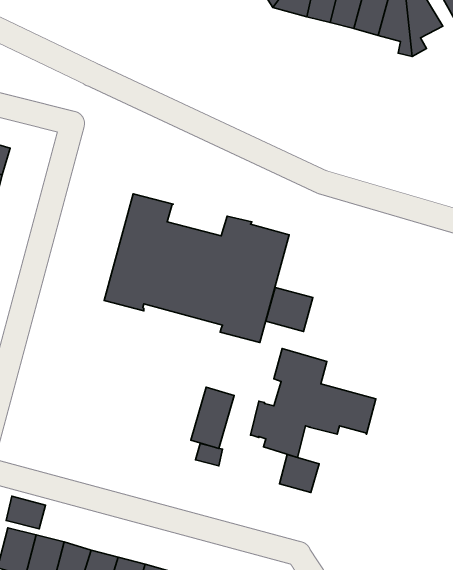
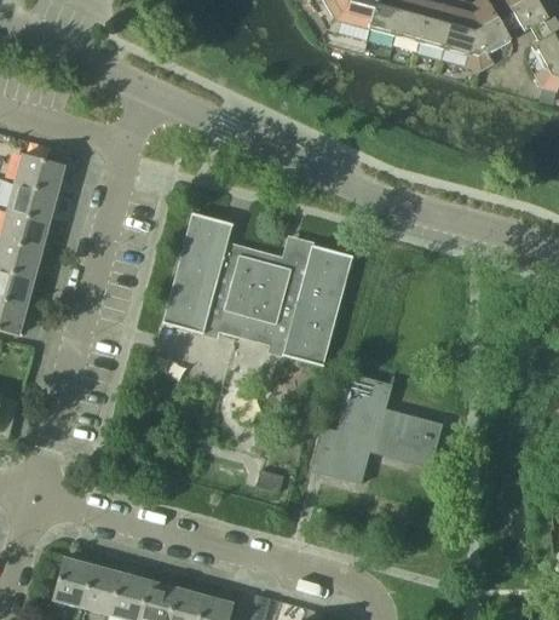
building: [266,287,313,331] -> none
building: [191,387,234,448] -> none
building: [279,455,319,493] -> none
building: [6,496,46,529] -> none

